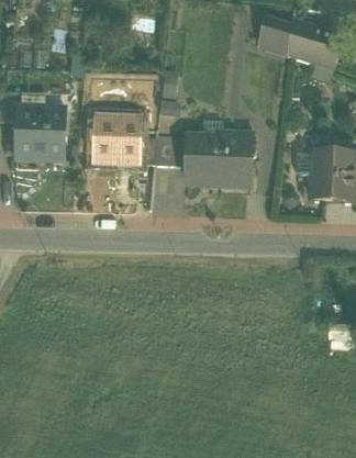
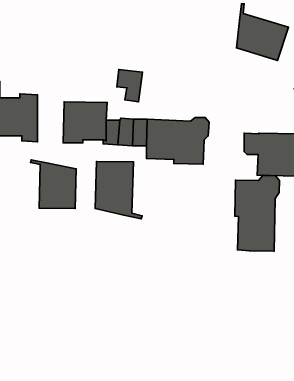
building: [257,19,290,55] -> none
building: none -> [30,160,76,209]
building: none -> [95,161,142,219]
building: none -> [235,176,280,251]

